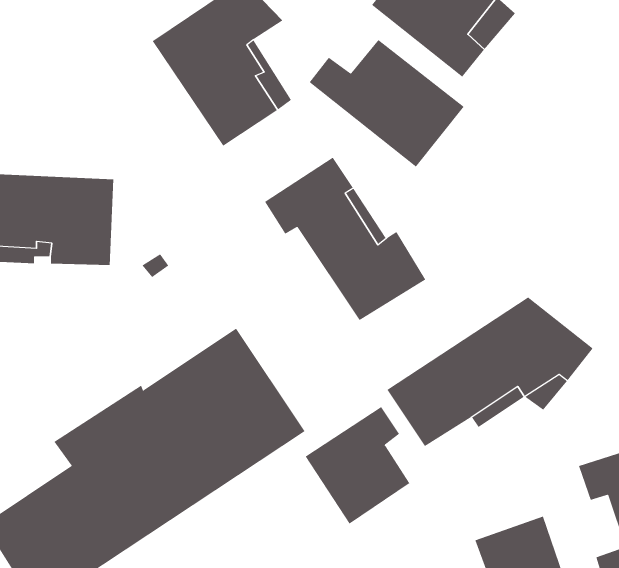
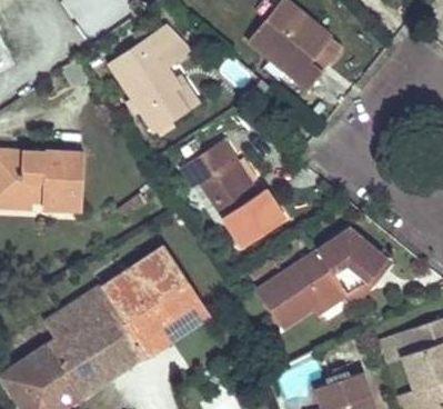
building: [309,39,464,168] -> none
building: [305,406,410,524] -> none

